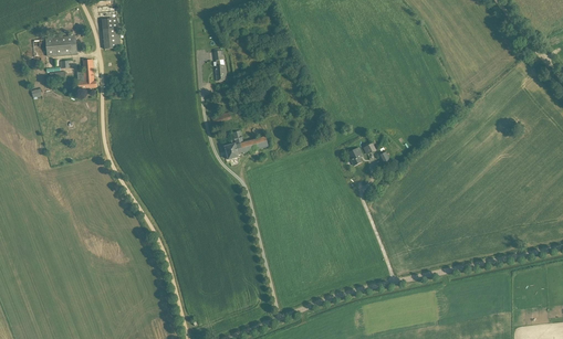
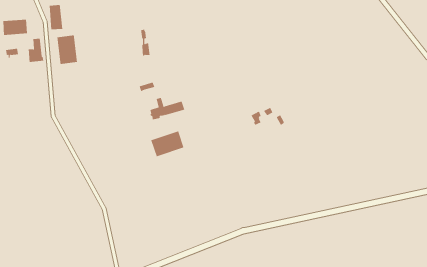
building: none -> [57,34,77,65]
building: none -> [150,131,184,157]

